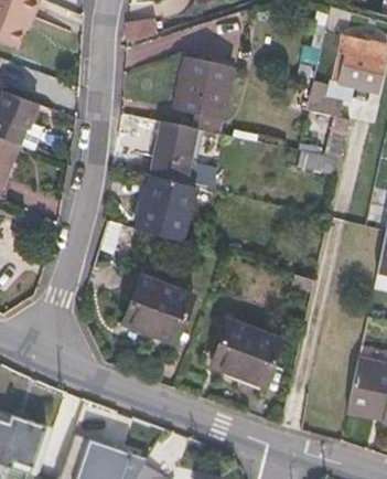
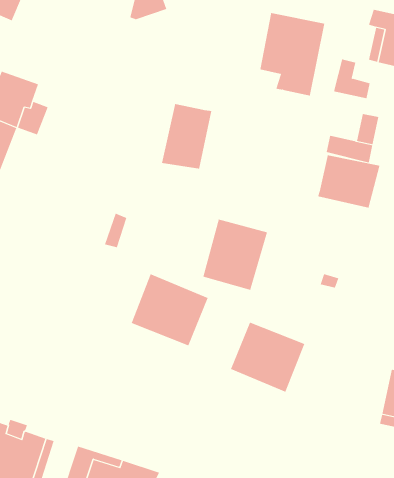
building: [174,56,234,132] -> [260,12,325,96]
building: none -> [318,155,380,208]
building: [135,174,194,240] -> [203,219,268,290]

